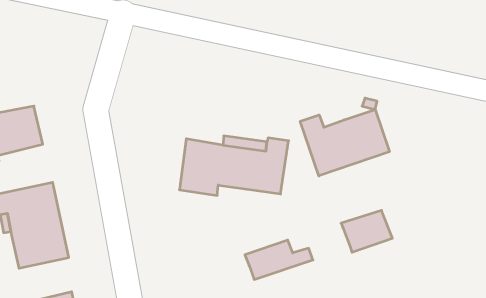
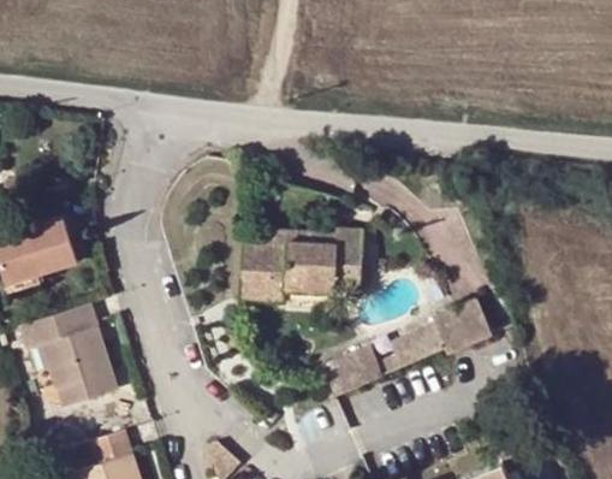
building: [300,109,389,176] -> none
building: none -> [392,326,445,367]

